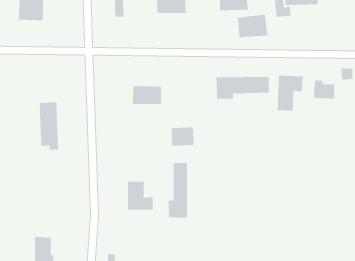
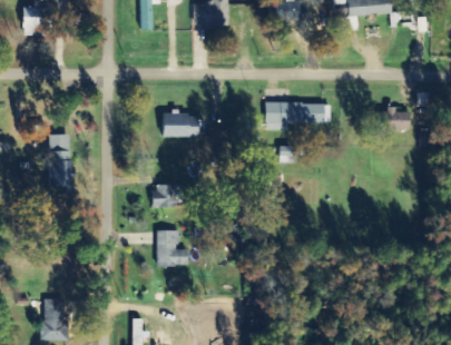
building: [237,14,268,38] -> none
building: [277,75,303,111] -> none
building: [171,127,194,146] -> [151,184,180,207]
building: [168,162,187,219] -> none

